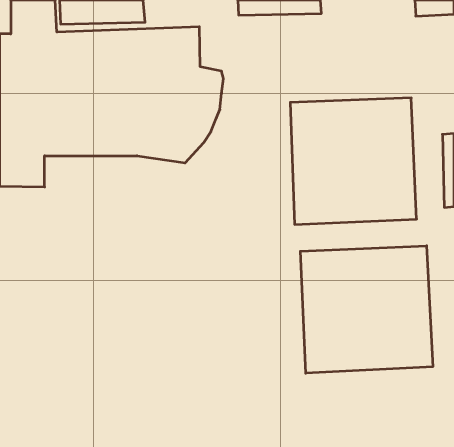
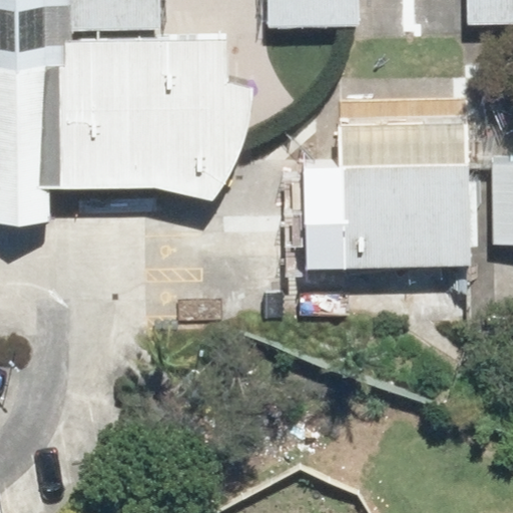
building: [300,246,433,373] -> none

